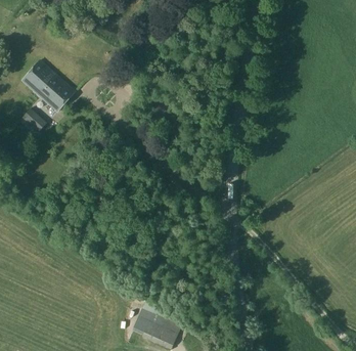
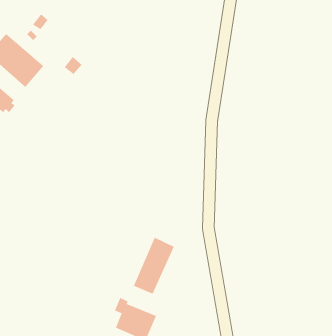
building: none -> [133,237,175,295]

